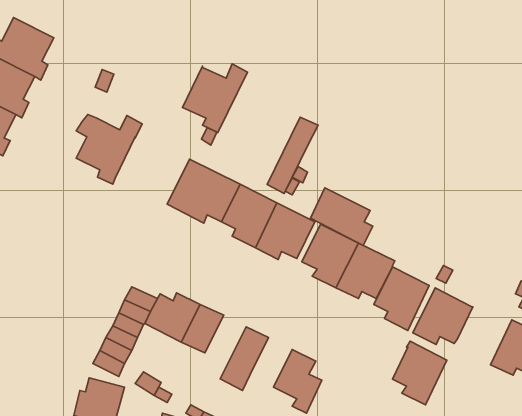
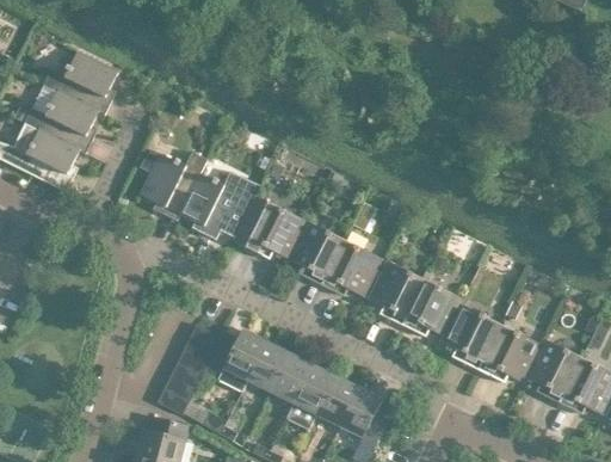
building: [183,64,248,132] -> [179,170,245,239]
building: [267,117,318,193] -> none
building: [310,188,373,245] -> none
building: none -> [270,352,311,402]
building: none -> [315,375,358,425]
building: [392,341,447,405] -> [525,338,580,402]

